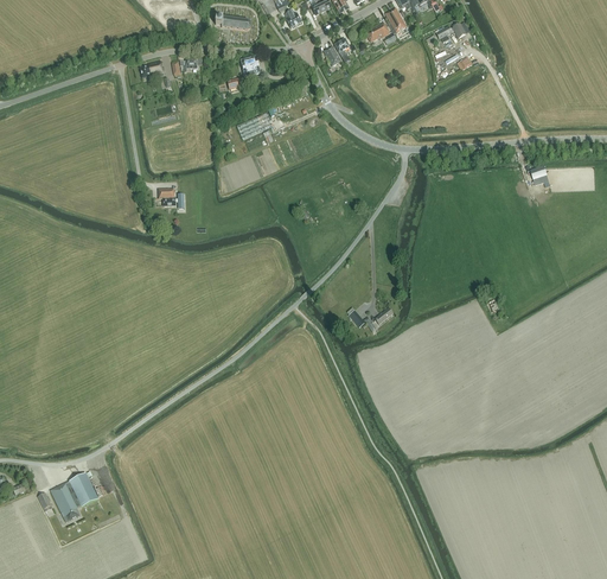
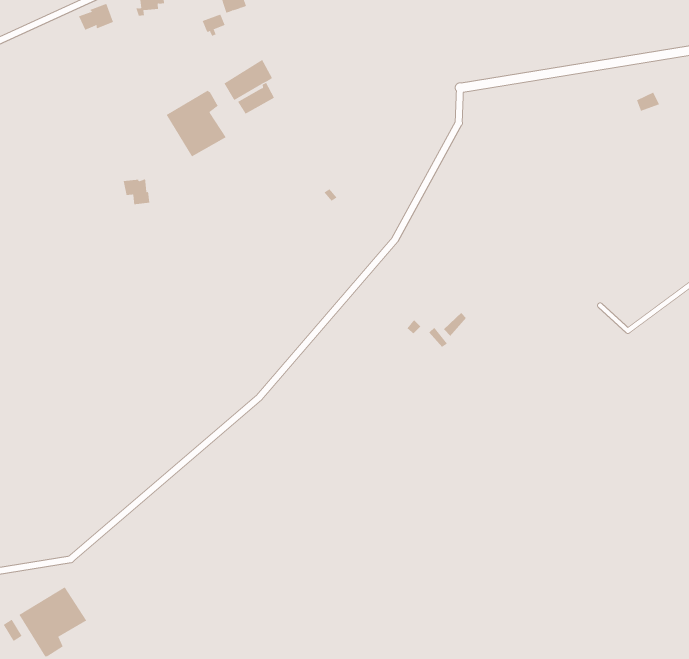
building: none -> [166,90,226,157]

